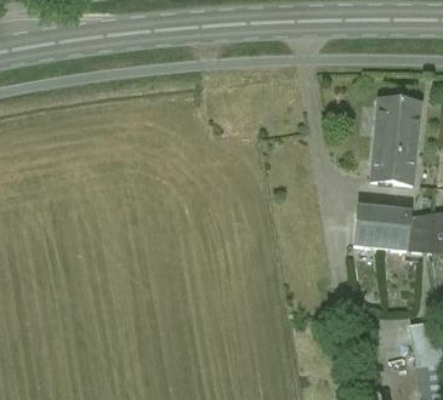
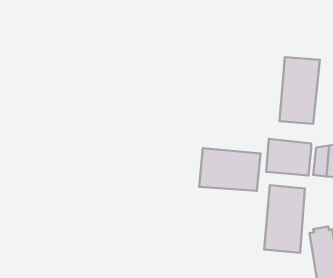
building: none -> [199,148,260,191]
building: none -> [264,185,305,253]

